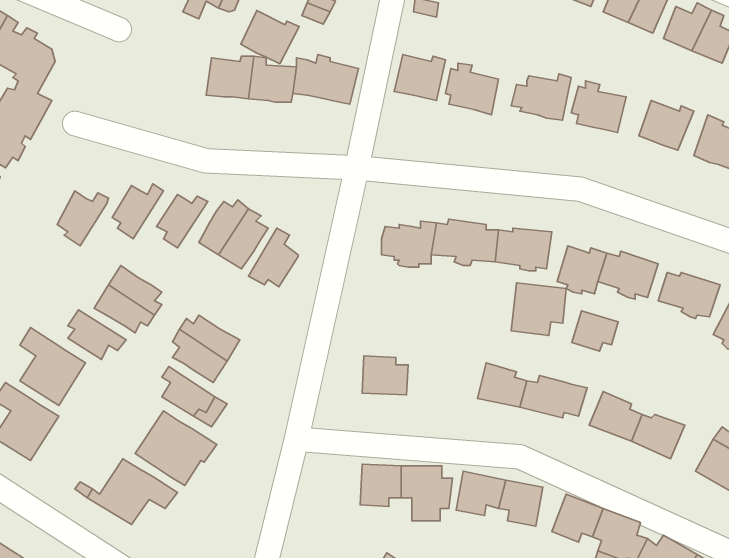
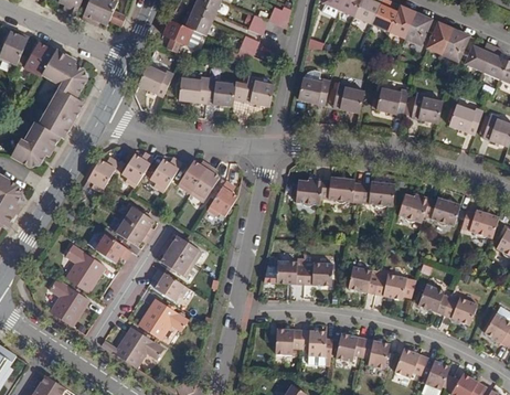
building: [241,11,299,64] -> [137,63,173,96]
building: [511,283,566,335] -> none
building: [572,311,618,351] -> none
building: none -> [304,264,331,287]

